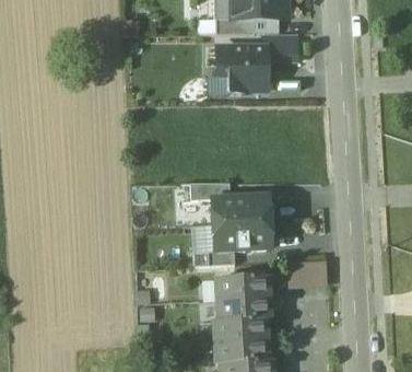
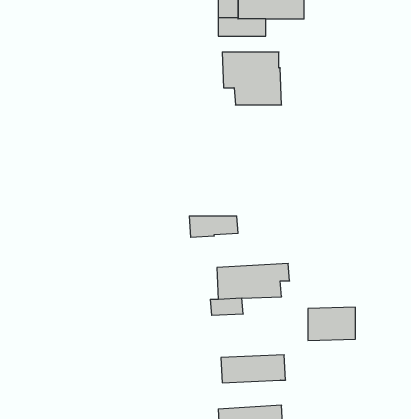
building: [264,34,296,60] -> none
building: [211,196,272,225] -> none
building: [215,276,269,300] -> none
building: [213,318,267,342] -> none

